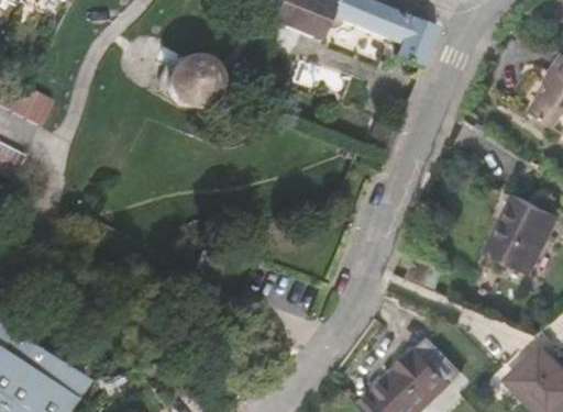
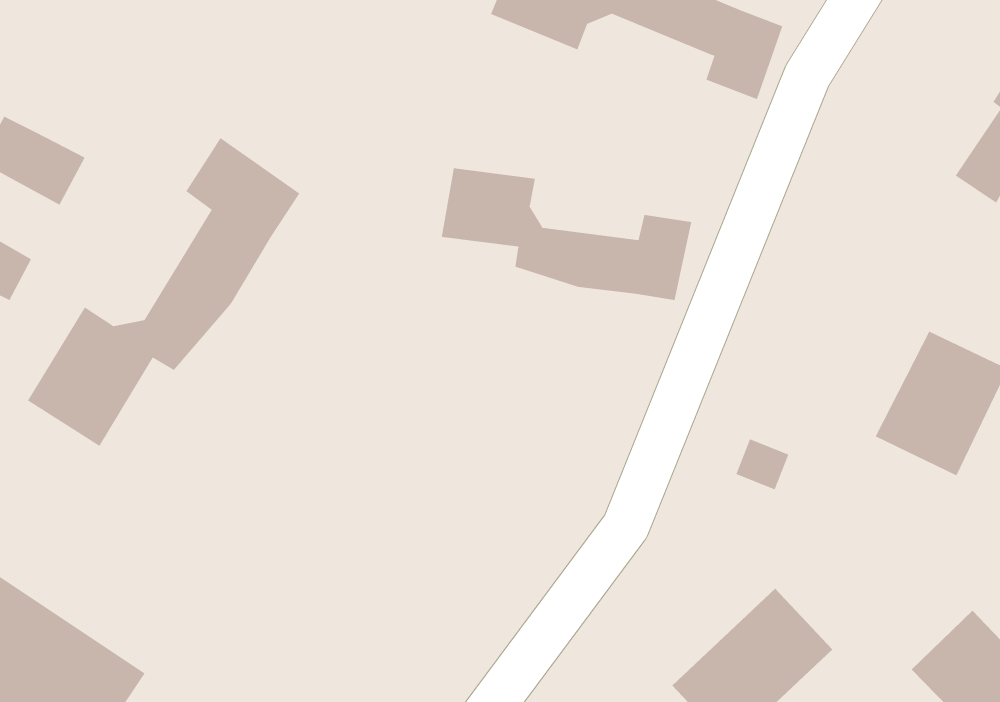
building: [167,56,217,105] -> none
building: none -> [27,137,300,447]
building: none -> [441,167,692,301]

